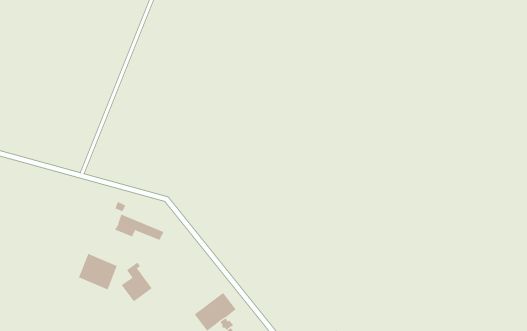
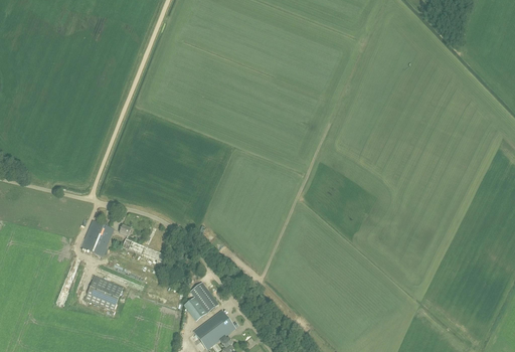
building: none -> [81,217,114,254]
building: [121,262,153,302] -> [185,281,215,319]

